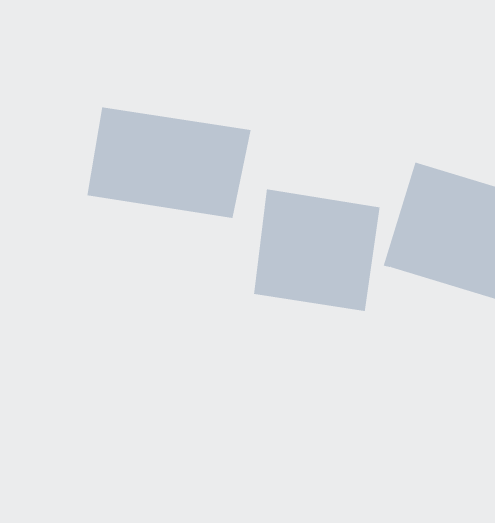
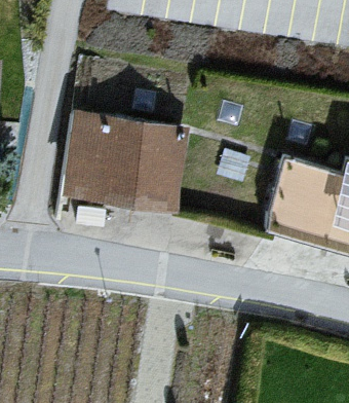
building: [253,189,380,312] -> none

